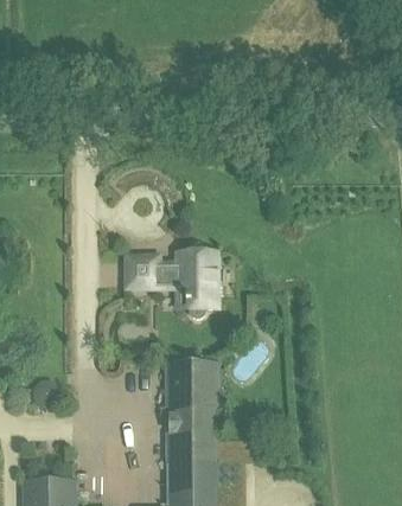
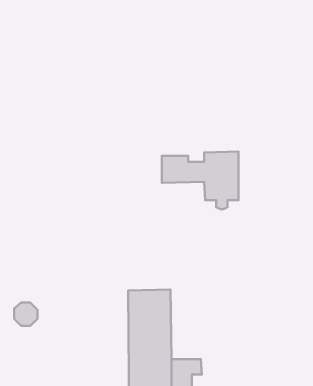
building: [125,249,215,316] -> [162,152,239,209]

